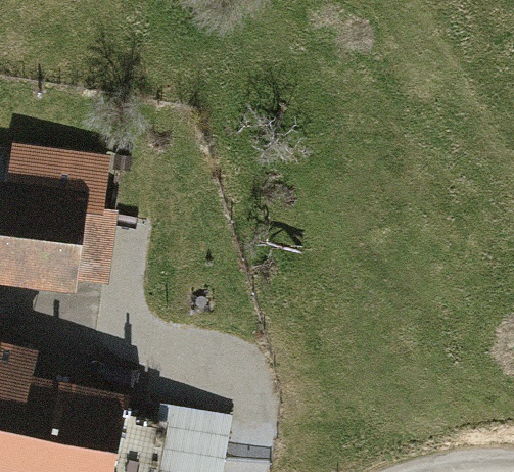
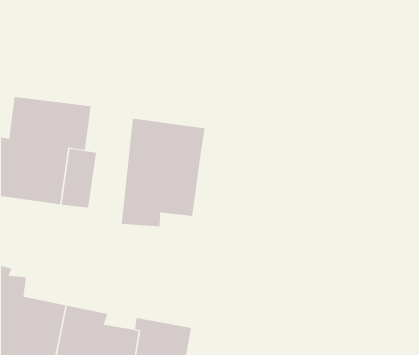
building: none -> [121,118,205,227]

